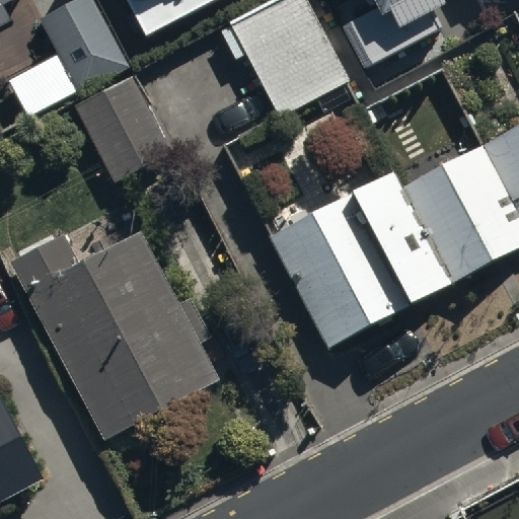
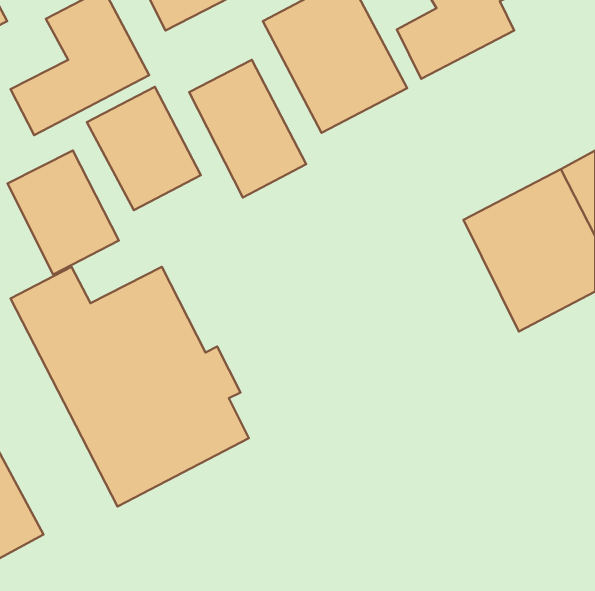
building: none -> [189,60,306,197]
building: none -> [8,151,119,274]
building: [270,174,448,349] -> none

